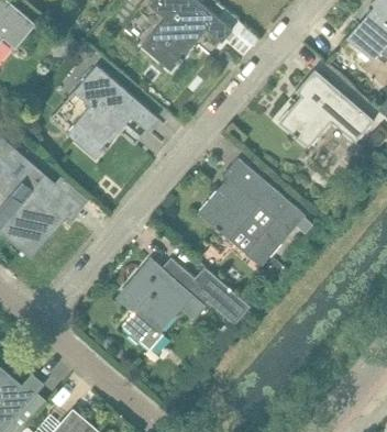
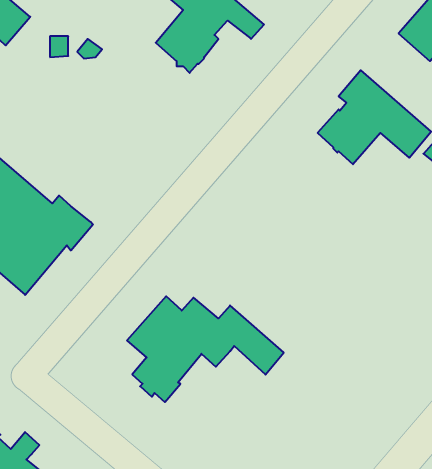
building: [66,65,157,159] -> none
building: [197,157,313,267] -> none

